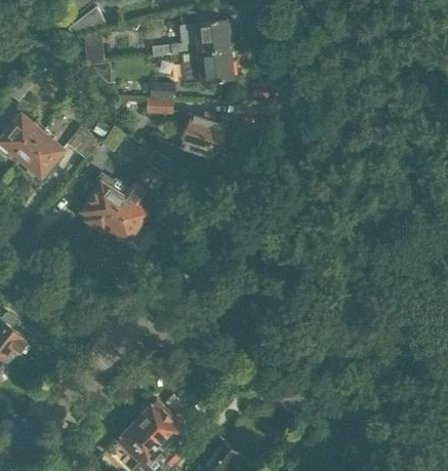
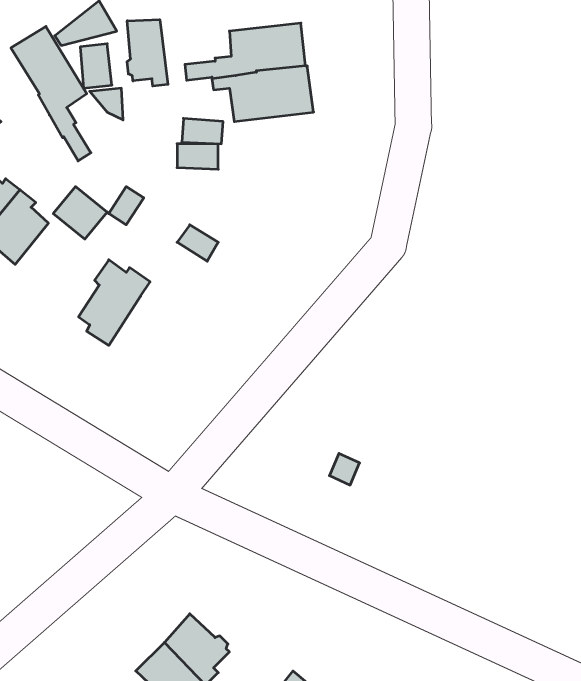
building: none -> [127,20,168,86]
building: none -> [11,26,91,161]
building: [181,115,225,158] -> none
building: [101,183,155,240] -> none

